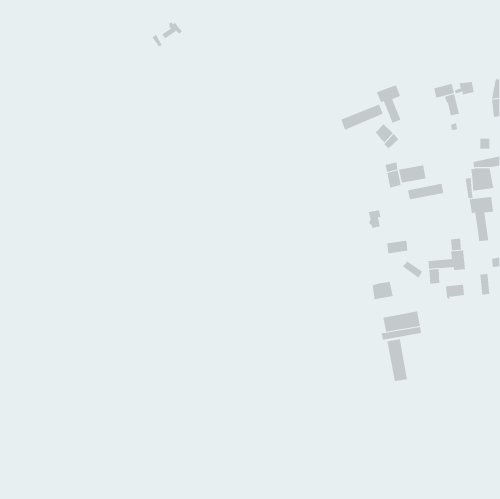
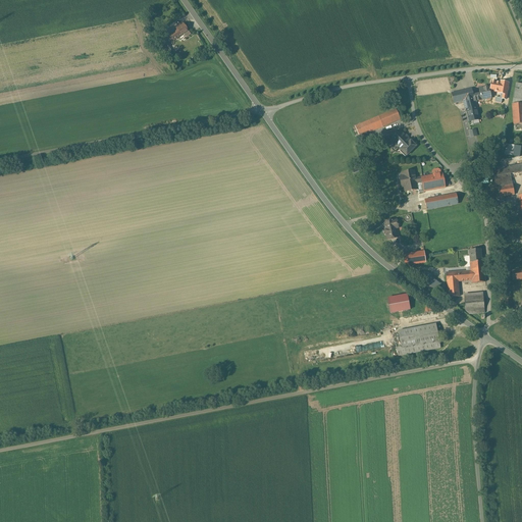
building: [376,84,401,124] -> none
building: [469,196,494,242] -> none
building: [387,338,407,382] -> none

